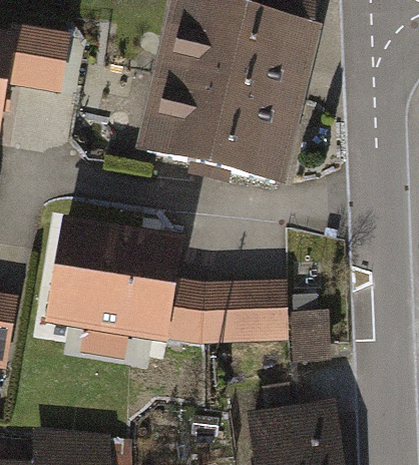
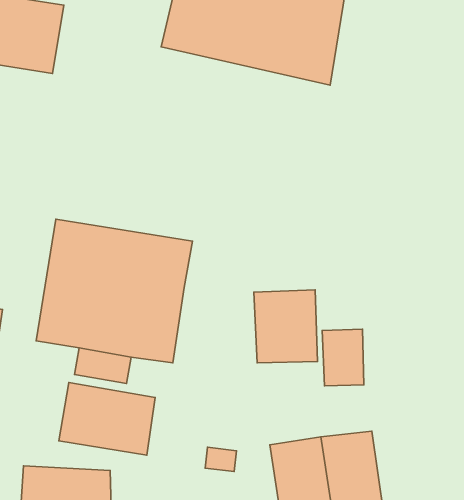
building: [135,68,301,184] -> none
building: [164,277,238,344] -> none
building: none -> [59,382,155,455]

